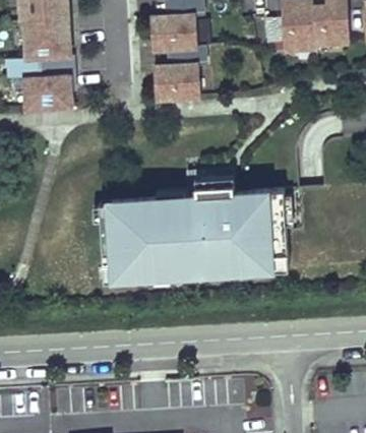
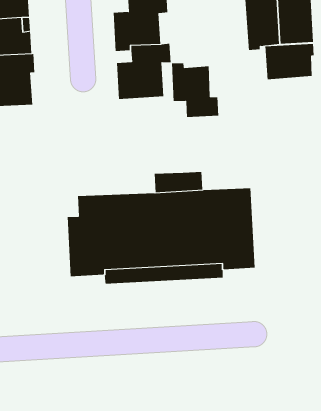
building: none -> [265,43,314,80]
building: none -> [171,62,219,118]

